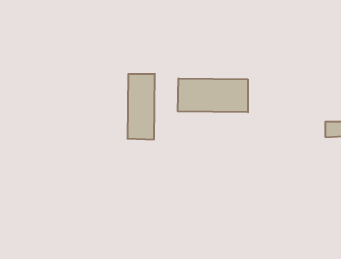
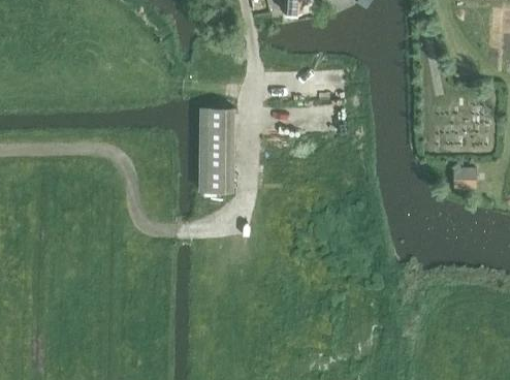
building: [178,78,248,112] -> none

